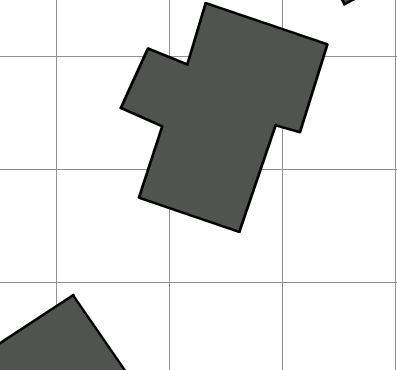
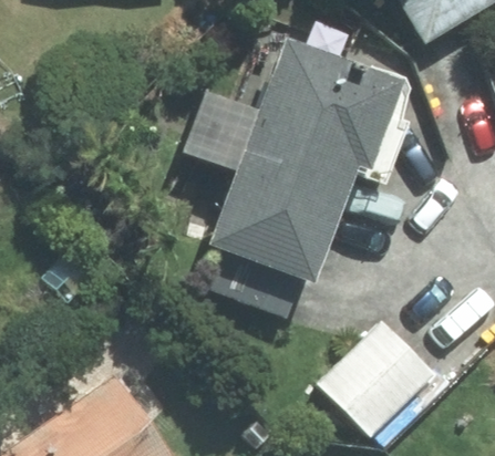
building: none -> [326,312,447,434]

